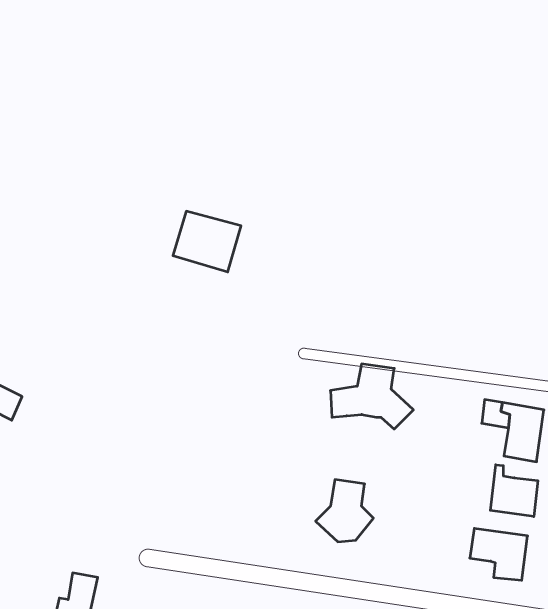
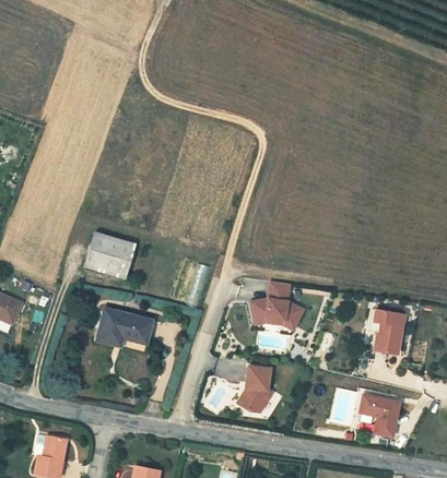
building: [173,211,241,272] -> [83,231,133,276]
building: none -> [95,308,150,344]
building: [490,465,538,517] -> none

